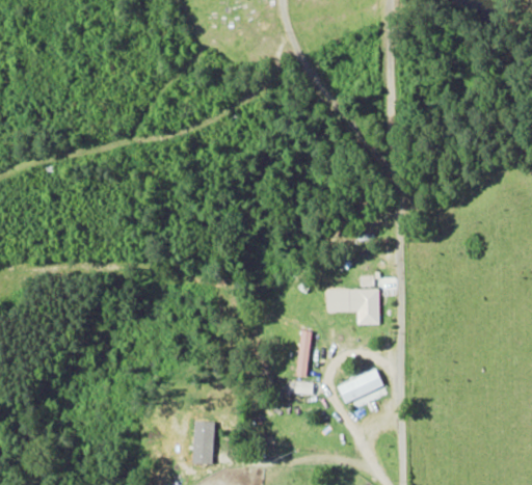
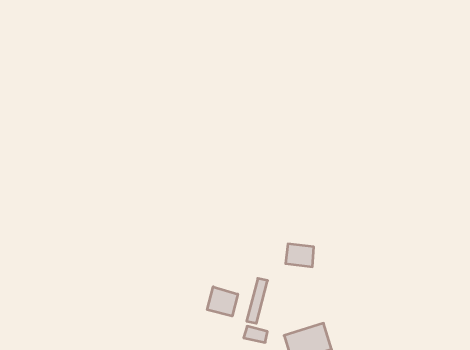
building: [356,288,378,324] -> none
building: none -> [207,287,238,316]

